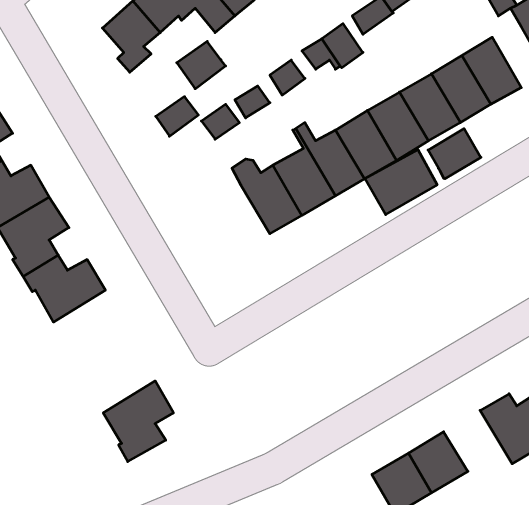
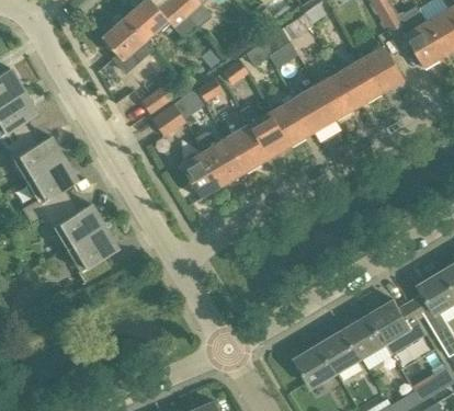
building: [177,41,226,89] -> [152,103,188,137]
building: [428,129,481,179] -> none
building: [365,149,437,215] -> none
building: none -> [180,149,224,197]
building: [103,381,173,462] -> [68,225,118,283]
building: none -> [349,311,398,355]

